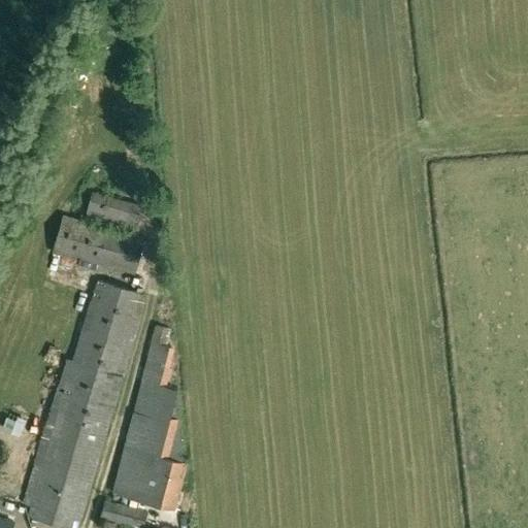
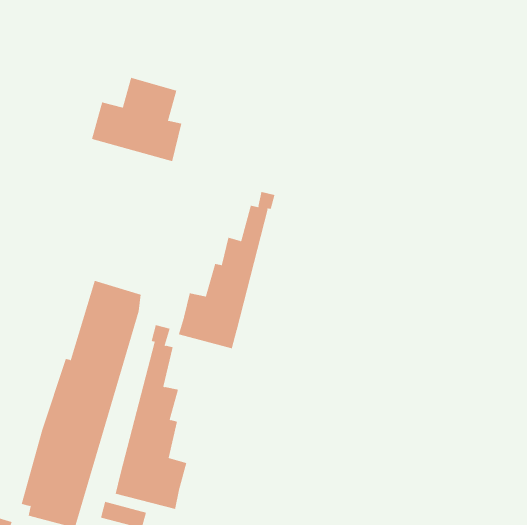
building: [53,193,143,277] -> [91,77,182,162]
building: none -> [178,191,275,349]

